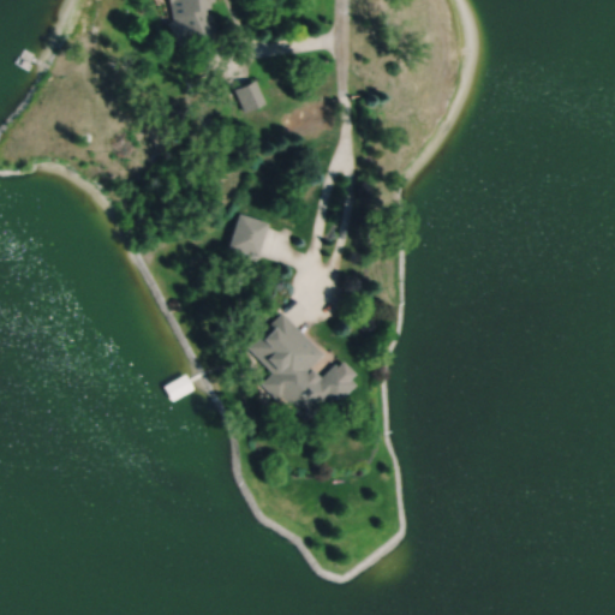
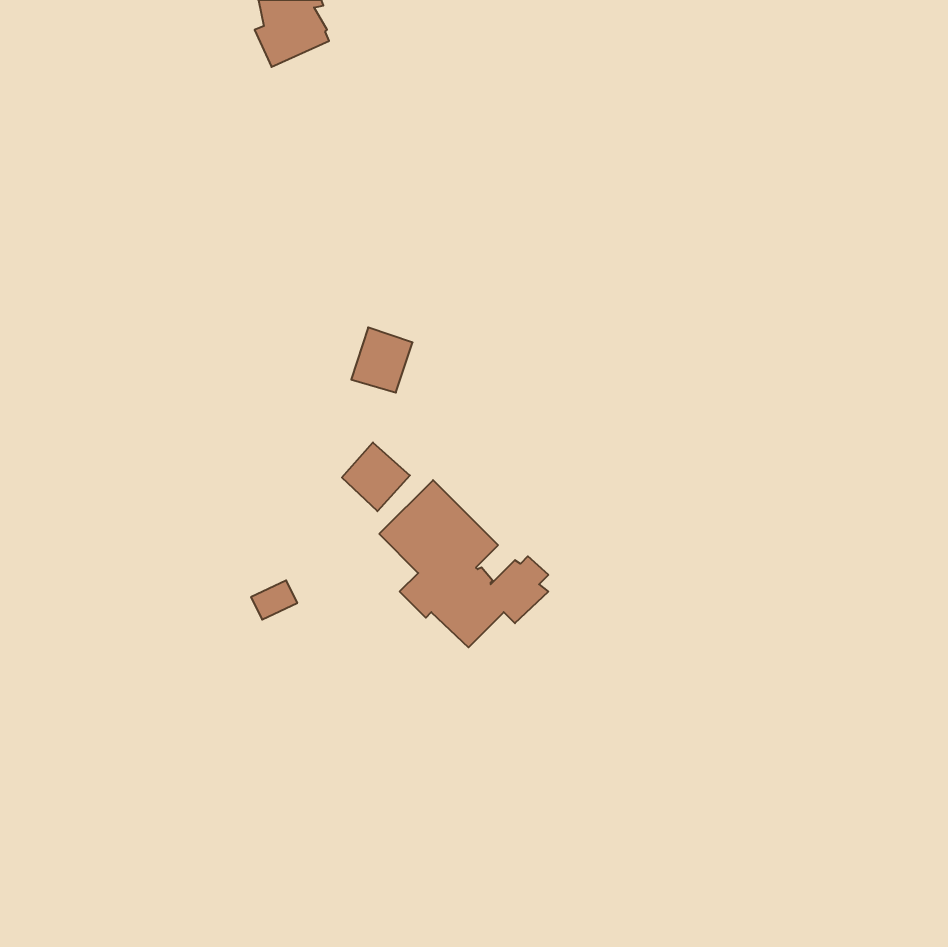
building: [233,79,265,112] -> none
building: none -> [342,442,410,511]

